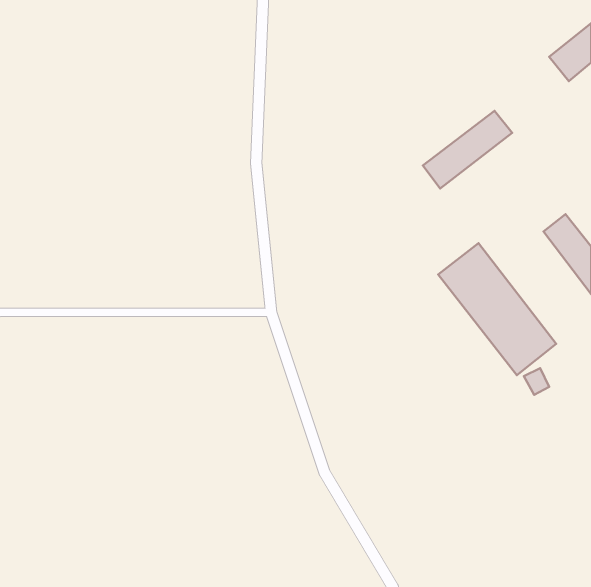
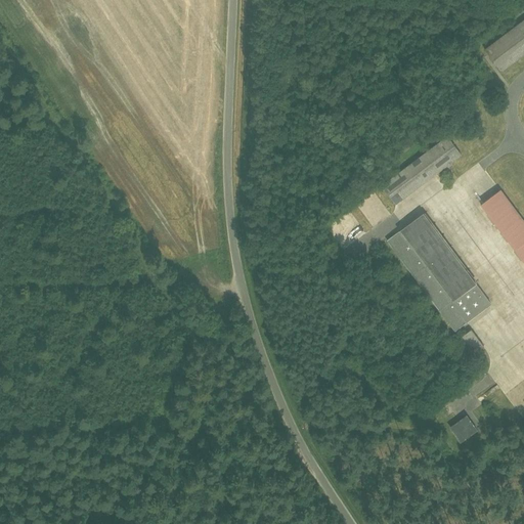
building: [423,111,512,189] -> [383,136,462,205]
building: none -> [453,411,480,438]

